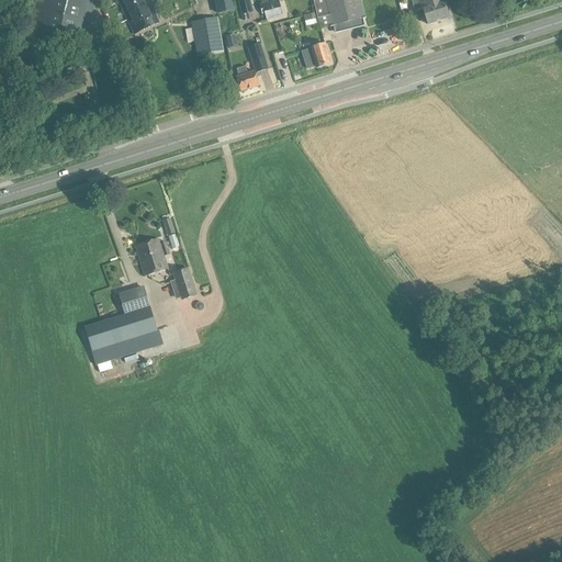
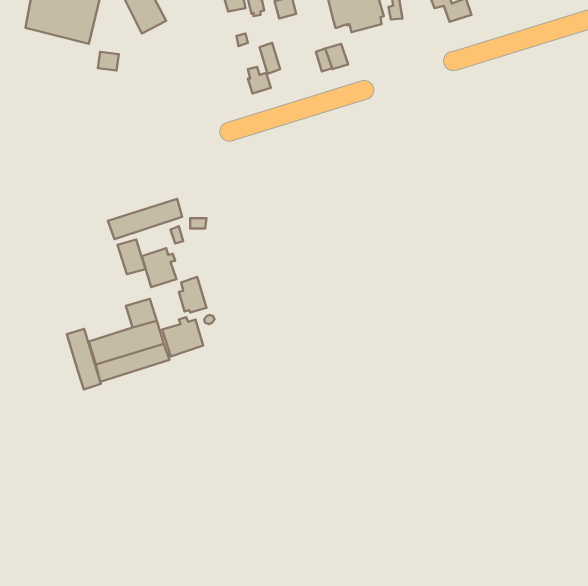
building: [190,14,223,55] -> none
building: none -> [108,199,182,239]
building: none -> [117,240,146,274]
building: none -> [162,317,203,356]
building: none -> [67,329,101,389]

